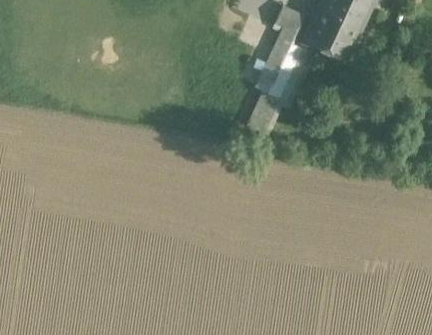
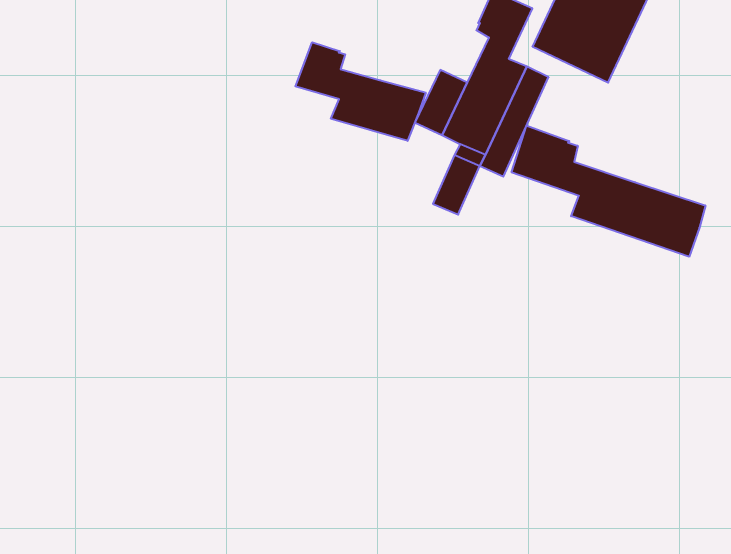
building: none -> [295,42,426,141]
building: none -> [512,126,705,257]

